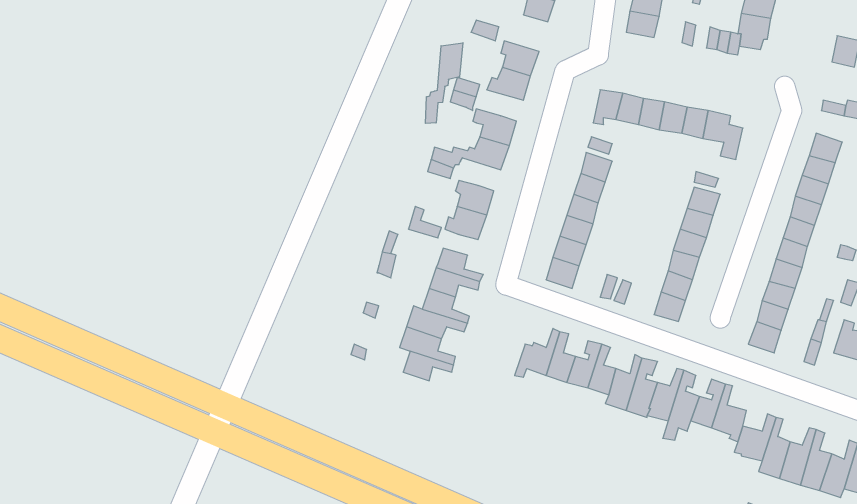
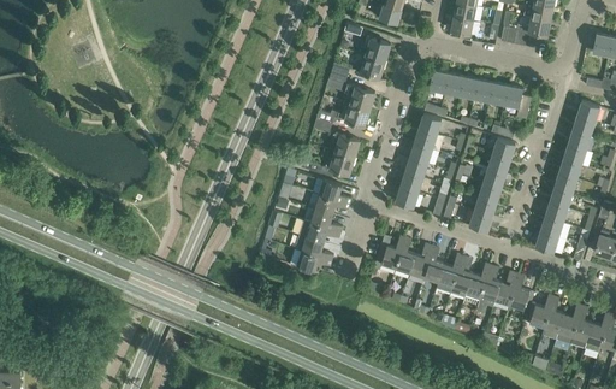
building: [425,43,463,123] -> none

